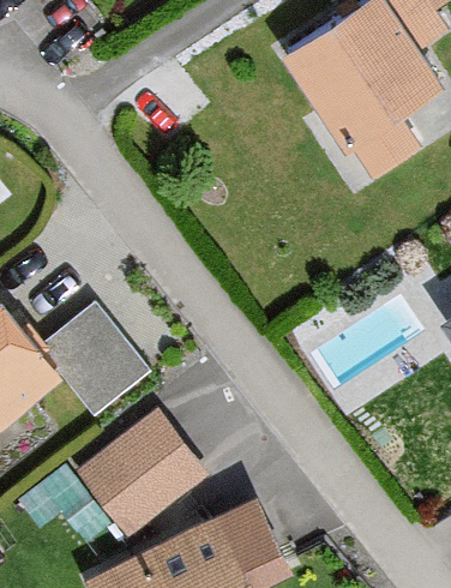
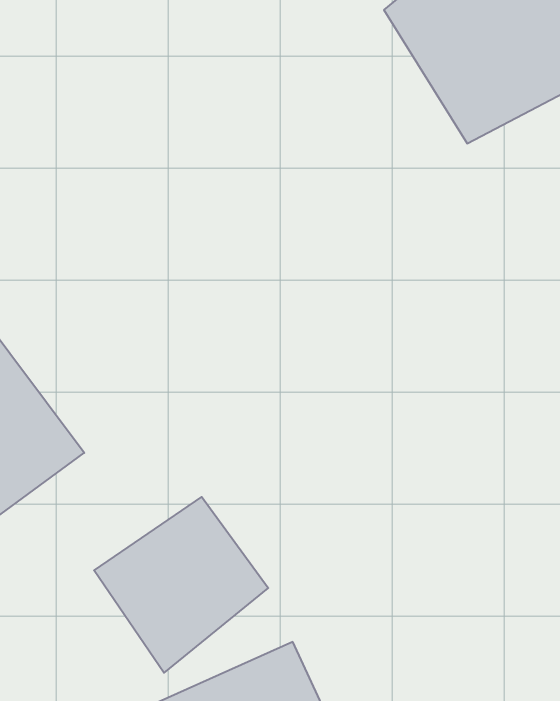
building: [48,290,155,401] -> none

